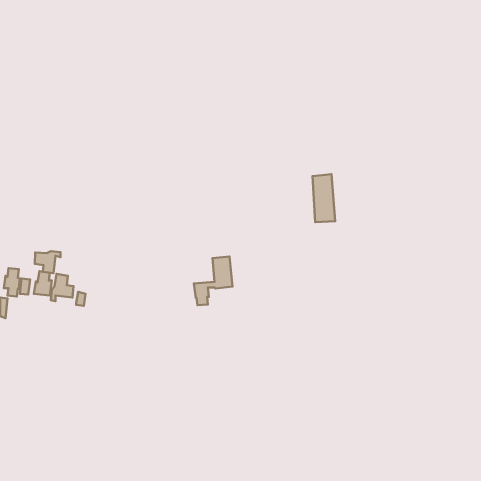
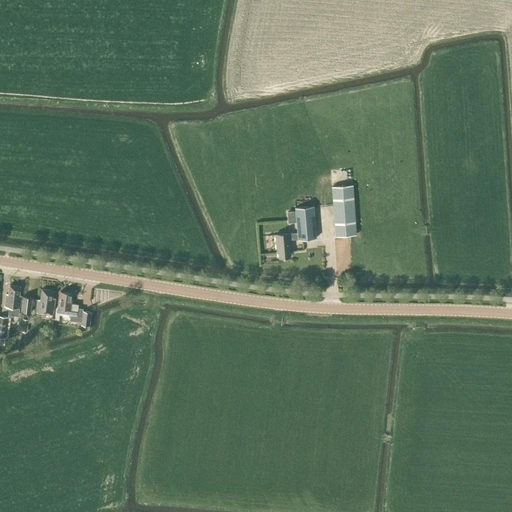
building: [35,251,61,273] -> none
building: [194,256,232,305] -> [275,206,316,258]

